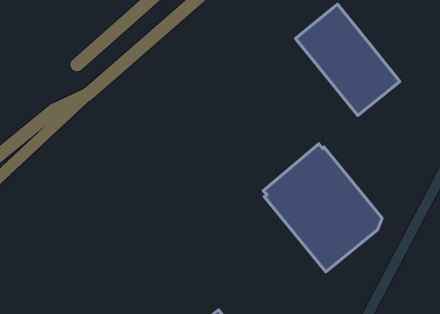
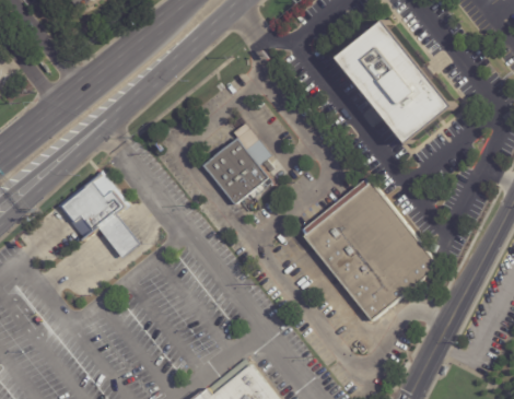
building: none -> [201,125,270,206]
building: none -> [59,173,144,260]

